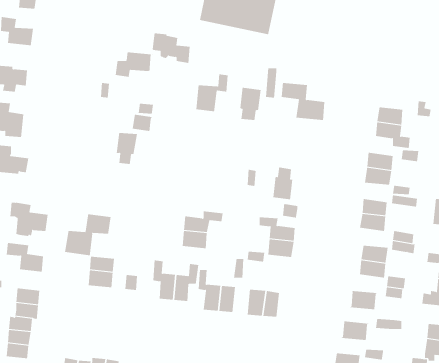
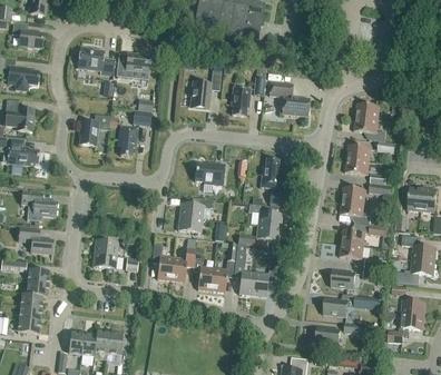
building: [151,33,190,63] -> [78,47,114,75]
building: none -> [79,115,110,146]
building: none -> [195,162,224,185]
building: [65,213,111,256] -> none

